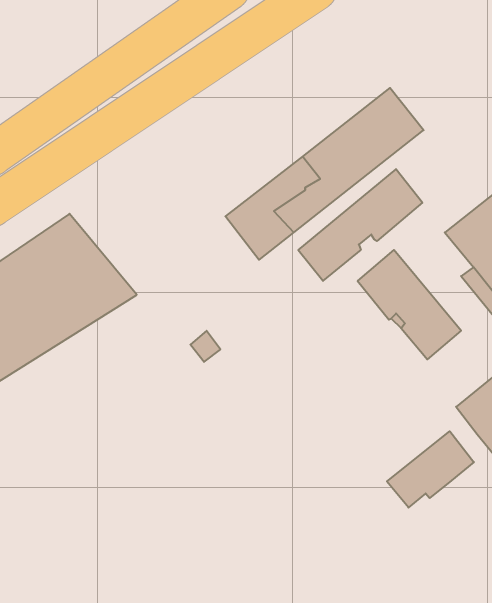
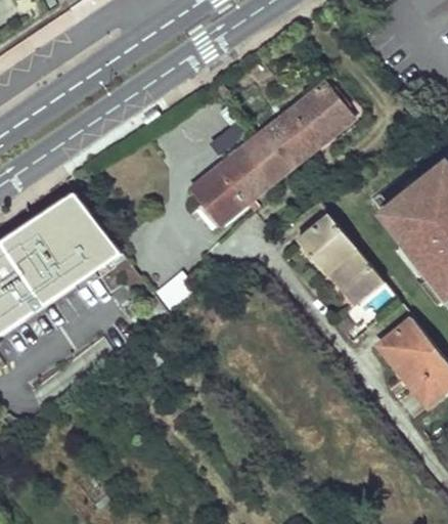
building: [298,169,422,281] -> none
building: [387,431,474,508] -> none

